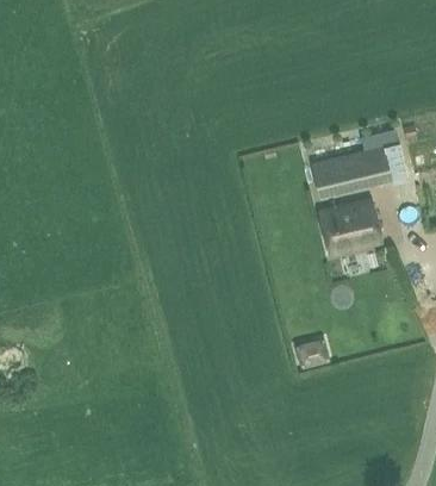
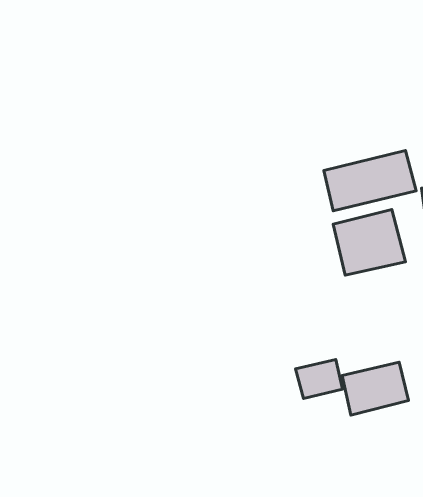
building: none -> [342,362,409,415]

